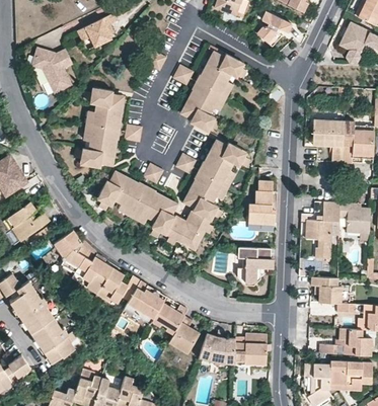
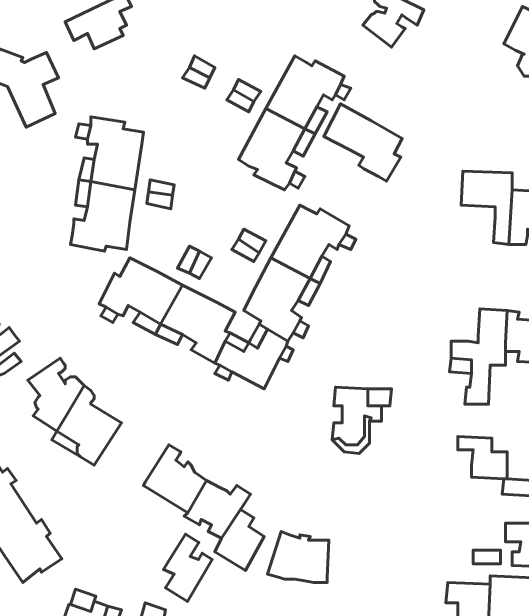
building: none -> [324,104,402,181]
building: [248,182,275,224] -> none
building: [94,269,139,305] -> none
building: [233,334,266,366] -> none
building: none -> [163,534,212,602]

